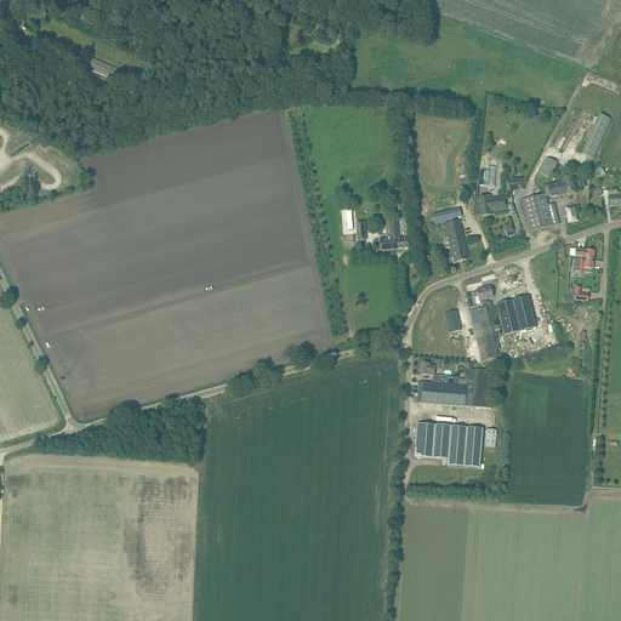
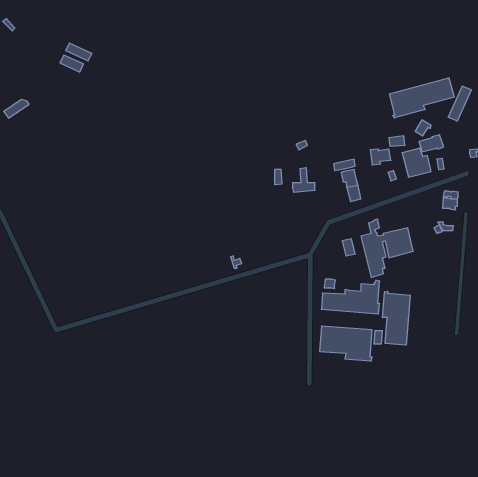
building: none -> [389,78,454,118]
building: none -> [383,291,410,345]

